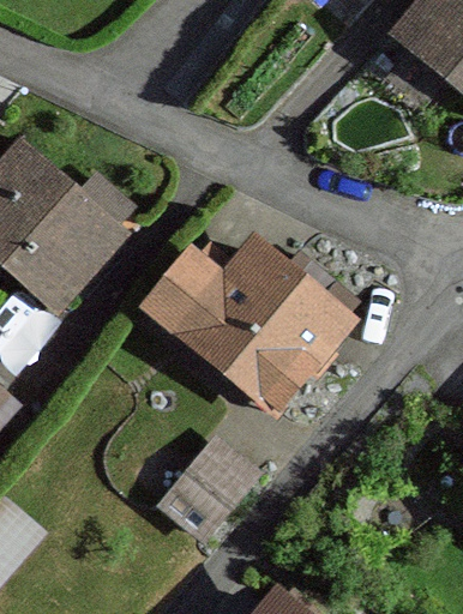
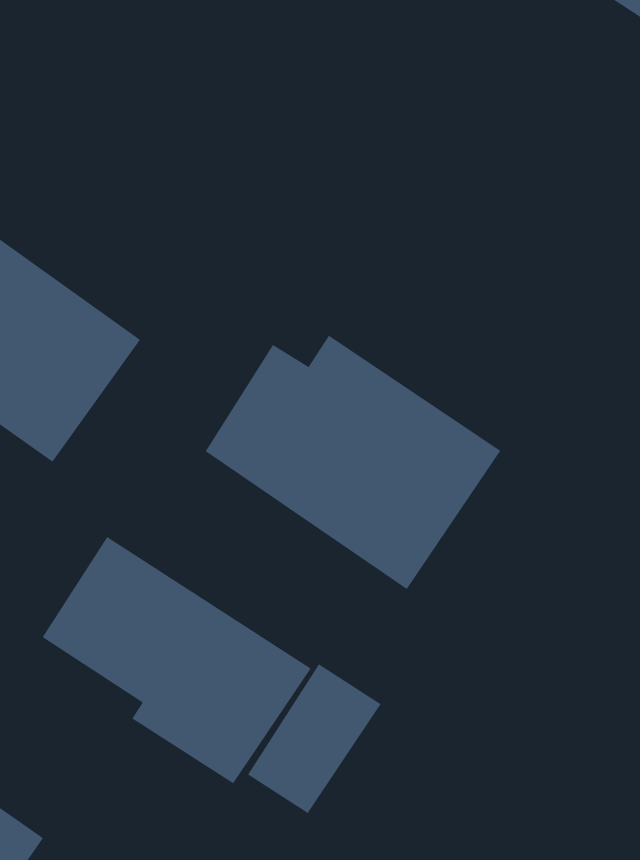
building: none -> [42,536,311,784]

